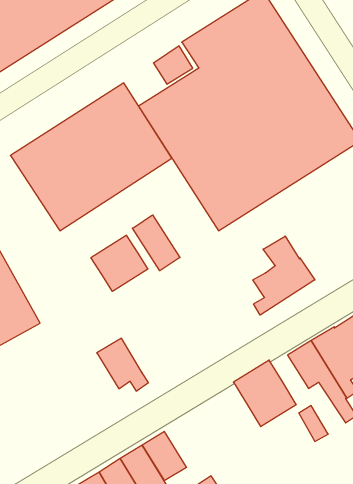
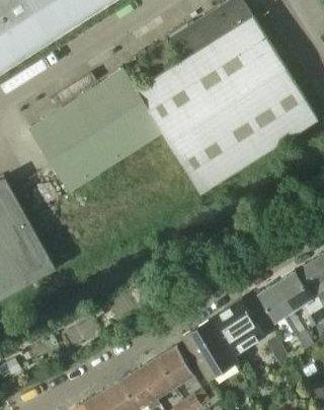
building: [132,215,180,271] -> none
building: [91,235,148,291] -> none
building: [253,236,315,315] -> none
building: [97,338,148,391] -> [156,345,198,389]
building: none -> [182,319,236,377]

